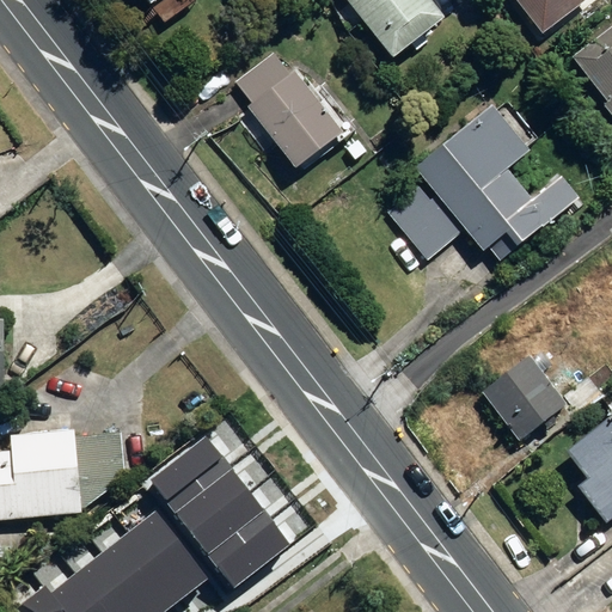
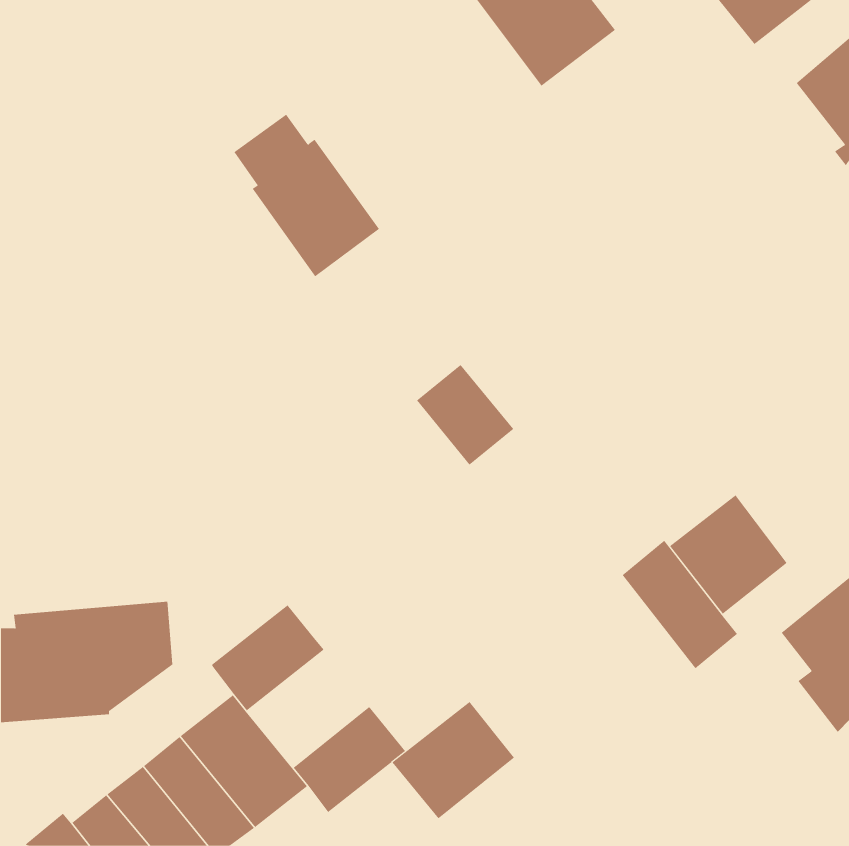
building: [237,51,342,169] -> [233,114,380,277]
building: [415,104,579,251] -> none
building: [390,184,460,257] -> [416,364,514,466]
building: none -> [622,540,738,669]
building: [178,466,267,551] -> [392,701,515,819]

